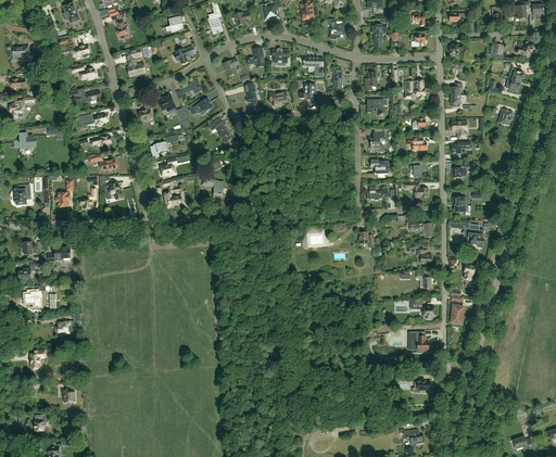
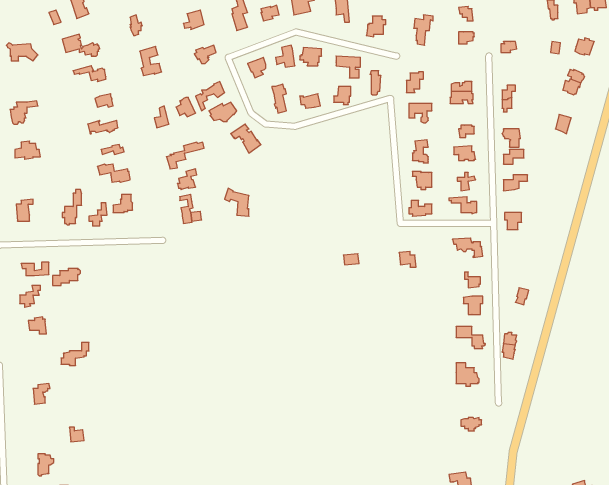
building: [448,220,483,246] -> none

